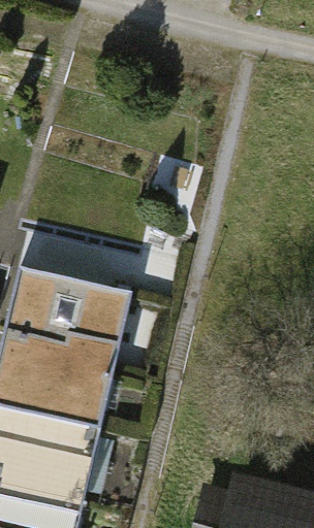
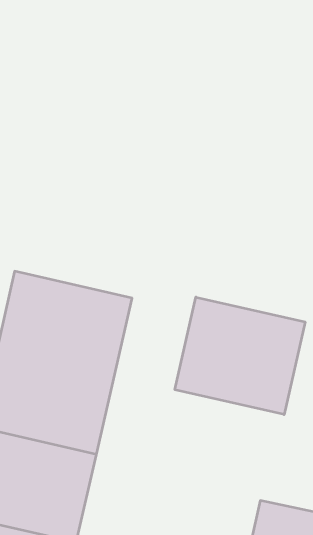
building: none -> [175,297,305,415]

